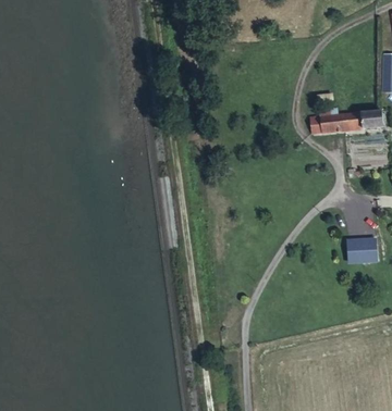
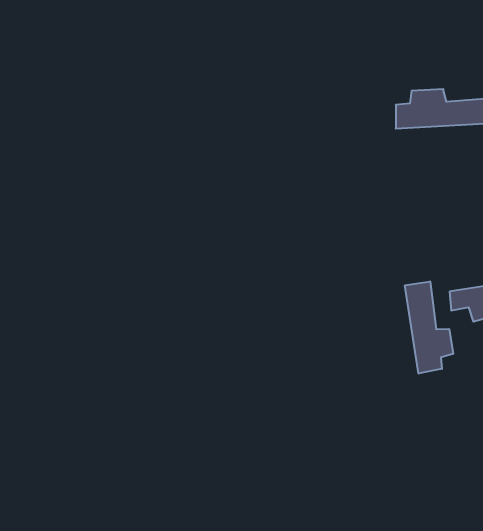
building: none -> [405,281,453,374]

